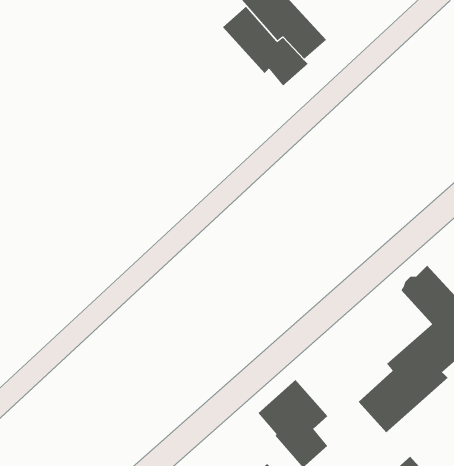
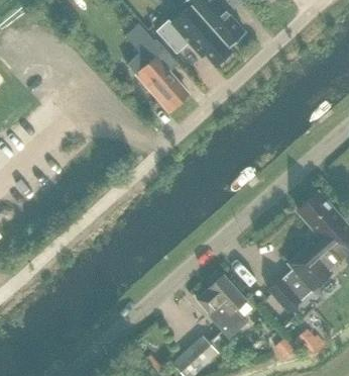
building: none -> [121,17,189,111]
building: none -> [157,19,191,55]

